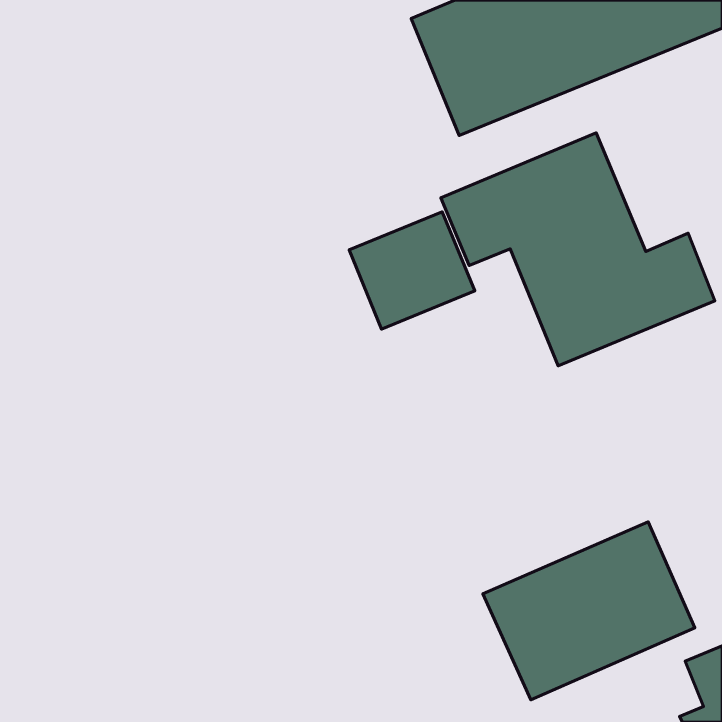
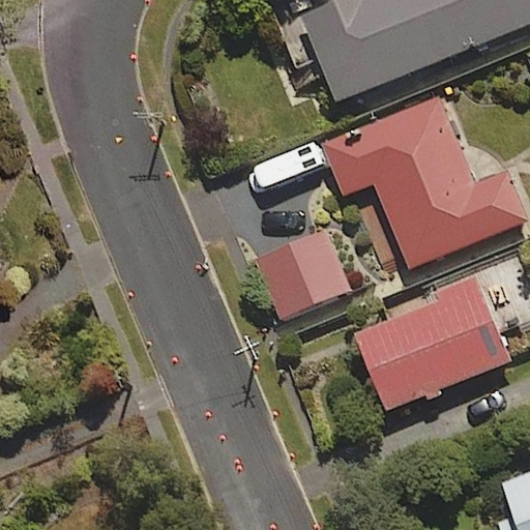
building: [349,212,475,329] -> [258,230,350,316]
building: [483,522,695,700] -> [353,283,508,413]

